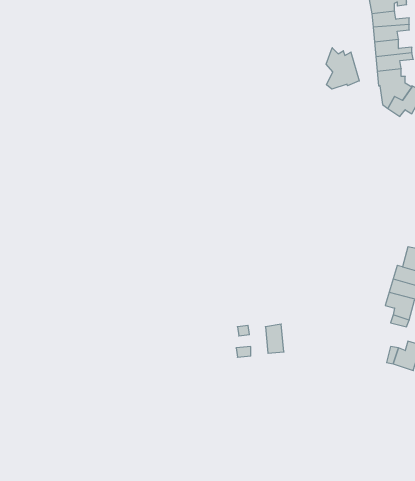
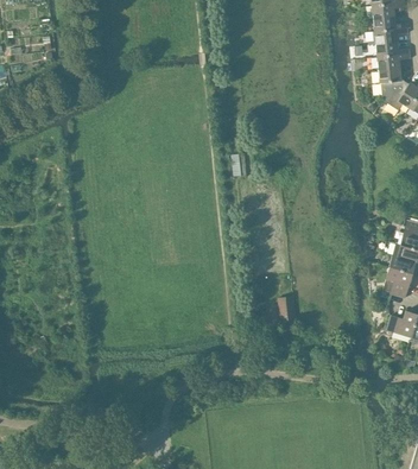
building: [326,48,359,89] -> none

